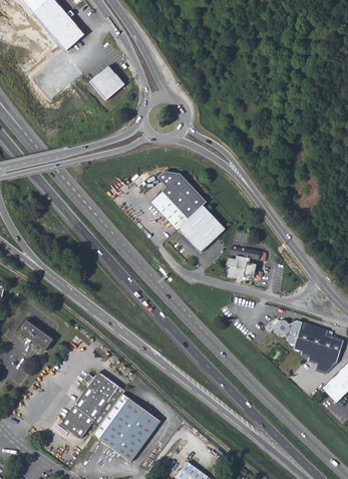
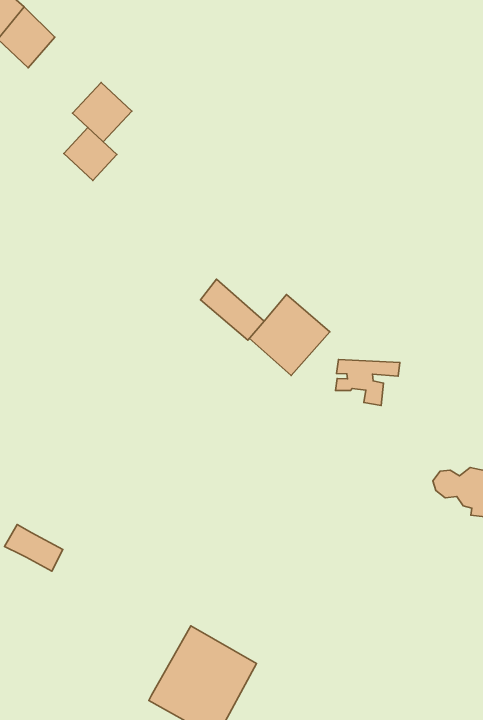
building: none -> [64,128,117,181]
building: [159,171,208,219] -> none
building: [59,374,122,439] -> none

